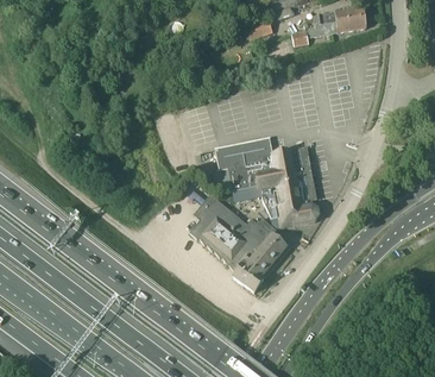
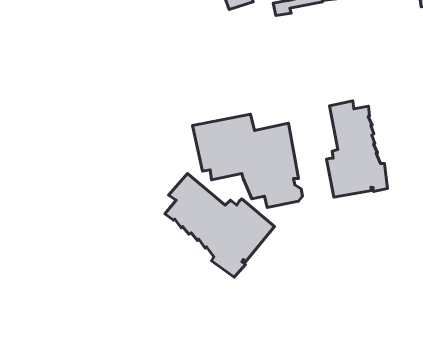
building: none -> [327,101,387,197]

